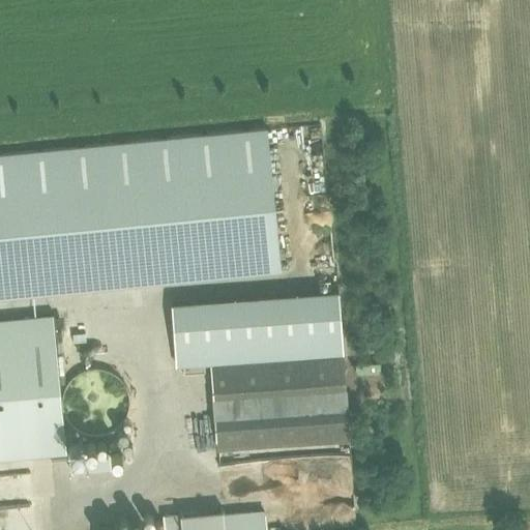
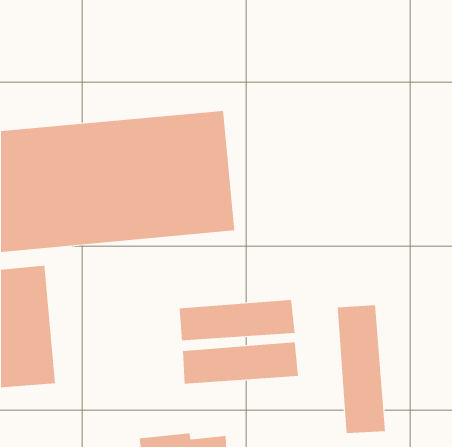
building: [172,294,342,369] -> none
building: none -> [337,304,386,434]

